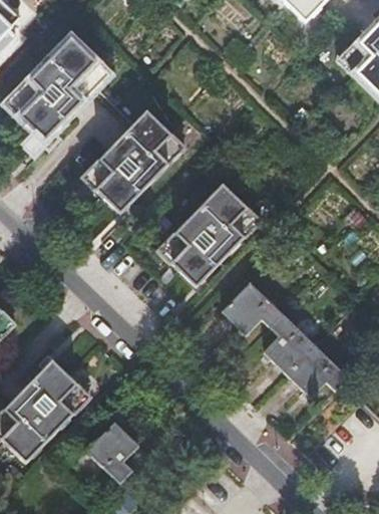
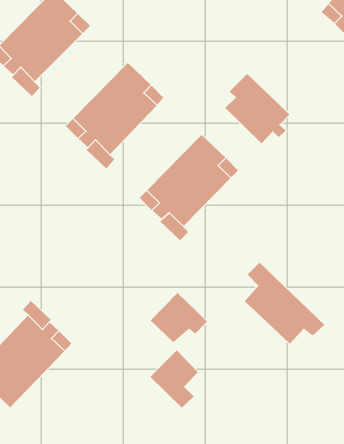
building: none -> [224,73,290,144]
building: [222,283,281,335] -> [150,292,208,343]
building: [86,423,136,483] -> [149,349,199,408]

